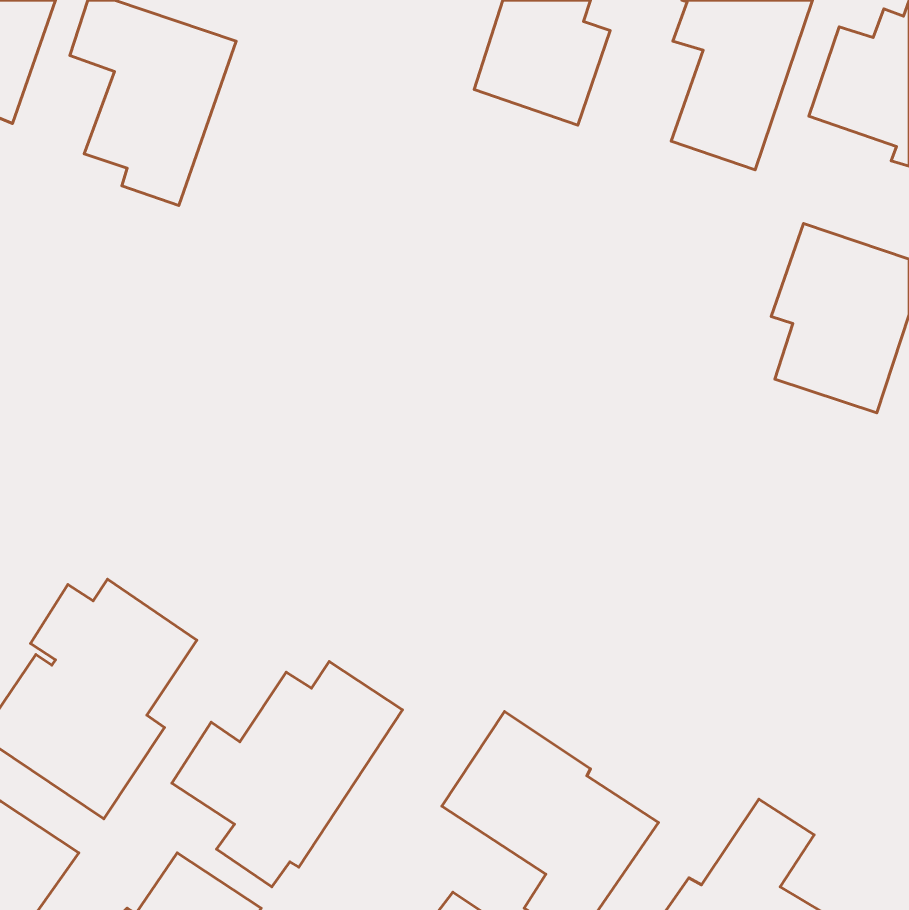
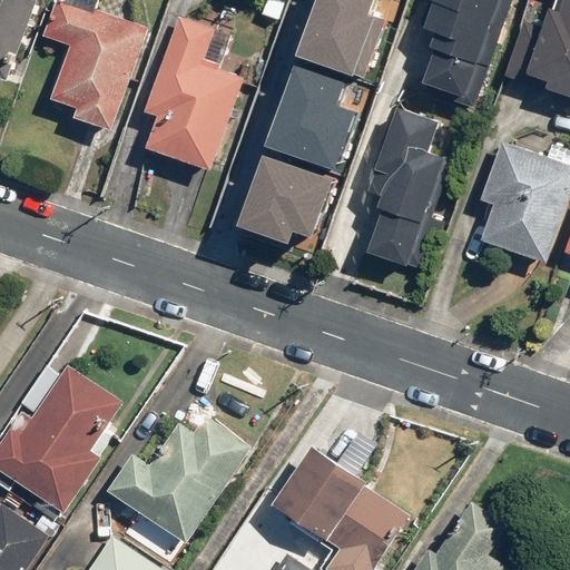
building: none -> [146,17,240,169]
building: none -> [264,67,350,170]
building: none -> [364,110,446,273]
building: none -> [235,158,326,245]

